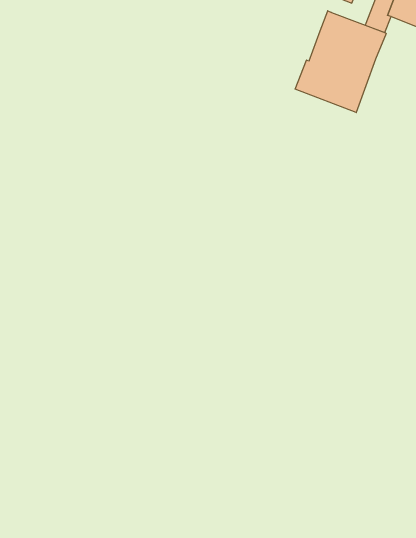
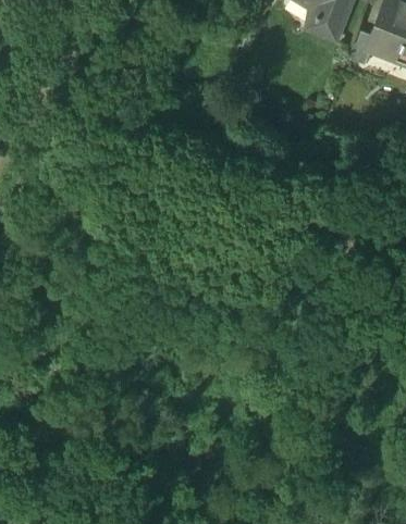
building: [295,11,386,113] -> none

